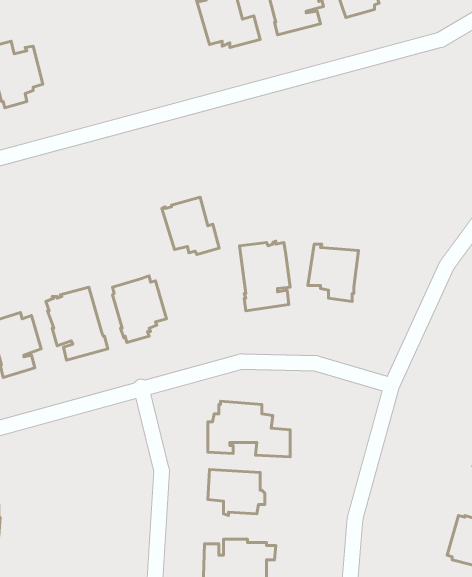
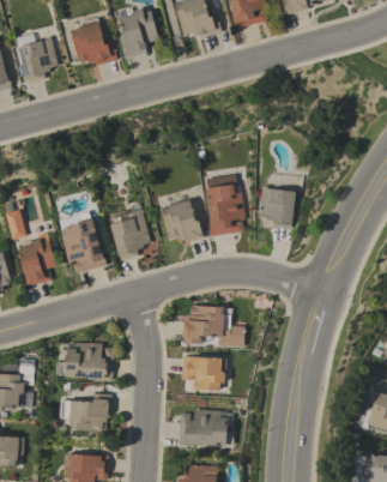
building: none -> [119,7,159,58]
building: none -> [69,18,117,65]
building: [162,197,219,254] -> [161,199,204,242]
building: none -> [56,342,115,381]
building: none -> [64,393,111,432]

